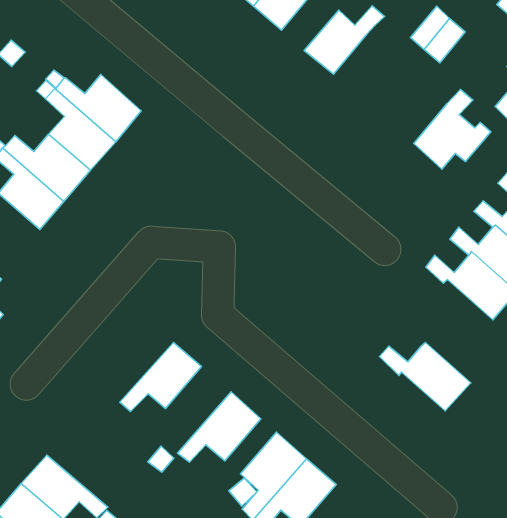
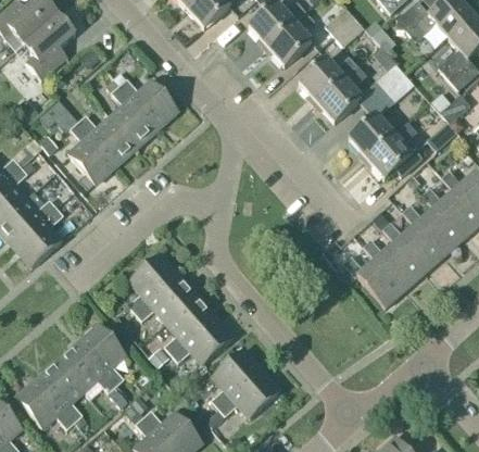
building: none -> [317,65,366,122]
building: none -> [349,113,394,158]
building: none -> [129,253,179,312]
building: [379,343,471,411] -> [344,255,406,306]
building: none -> [165,294,215,353]
building: none -> [79,323,126,385]

